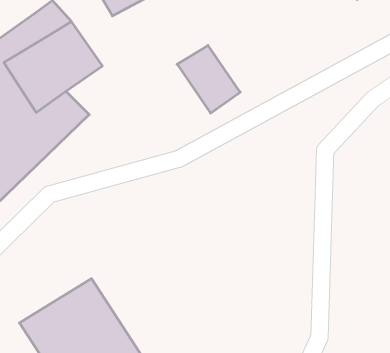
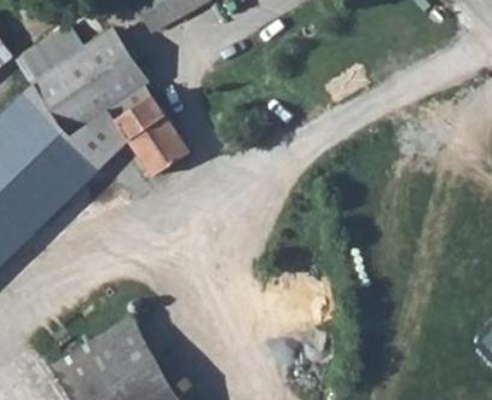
building: [177,45,240,113] -> [120,103,189,176]

